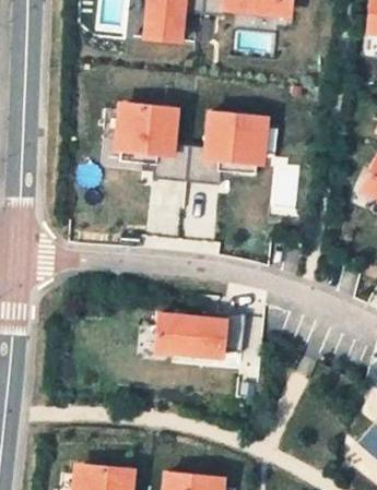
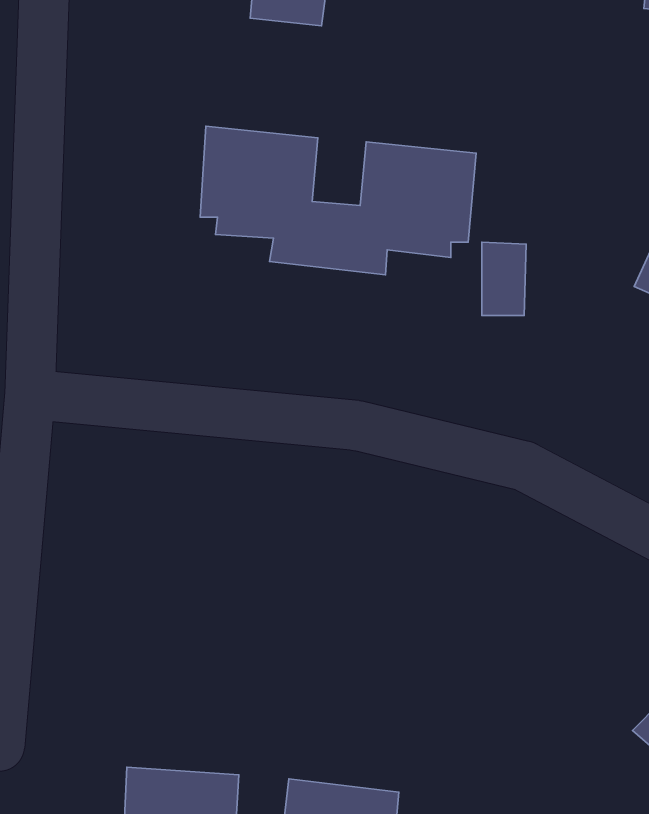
building: [153,311,229,358] -> none

